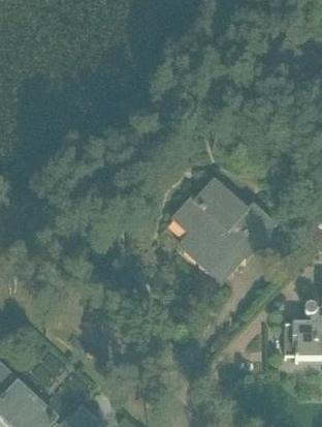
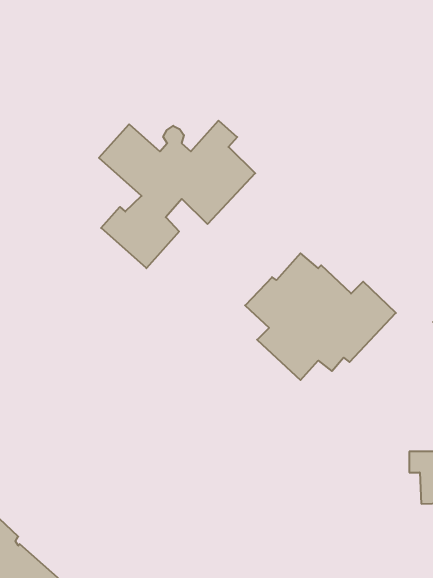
building: none -> [99,121,255,268]

